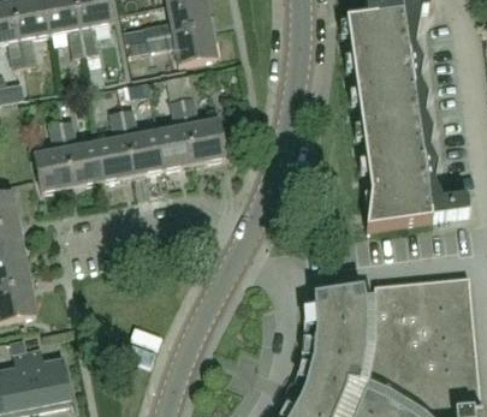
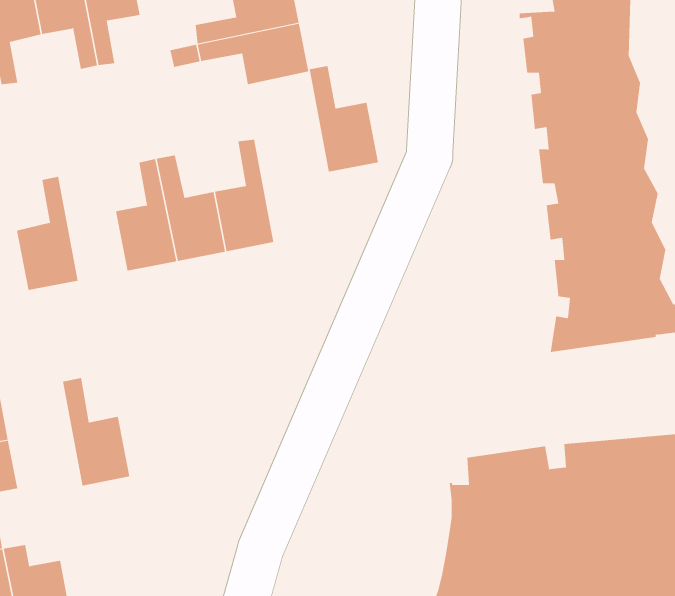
building: [183,95,226,161] -> [309,65,379,172]
building: [61,118,103,185] -> [62,377,130,486]

